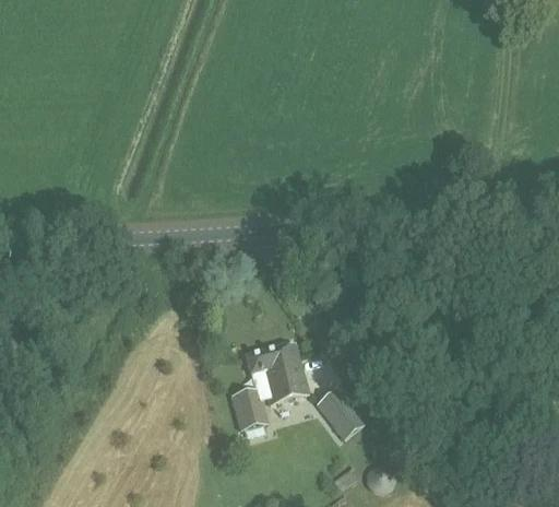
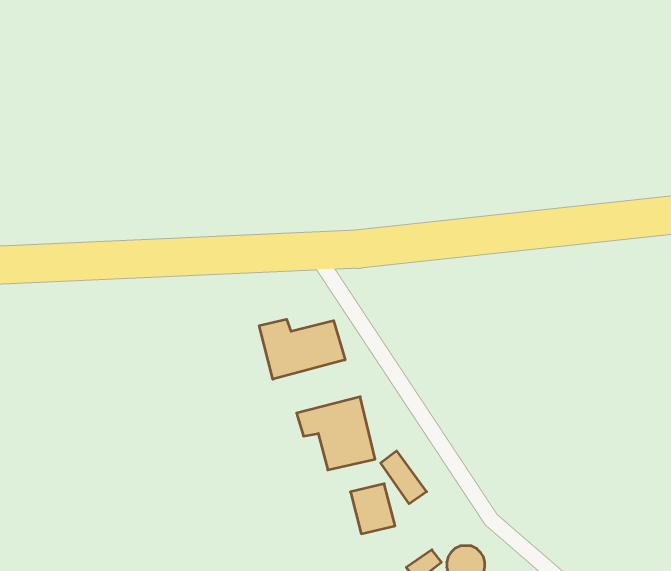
building: none -> [259,319,345,379]
building: [233,389,269,429] -> [350,484,395,534]

